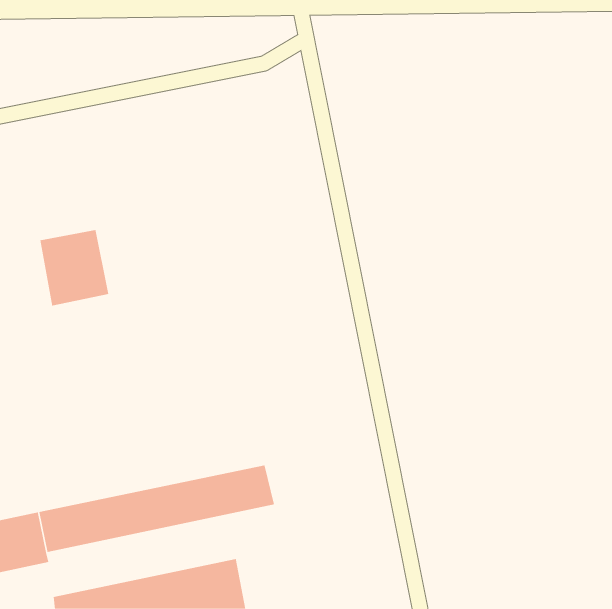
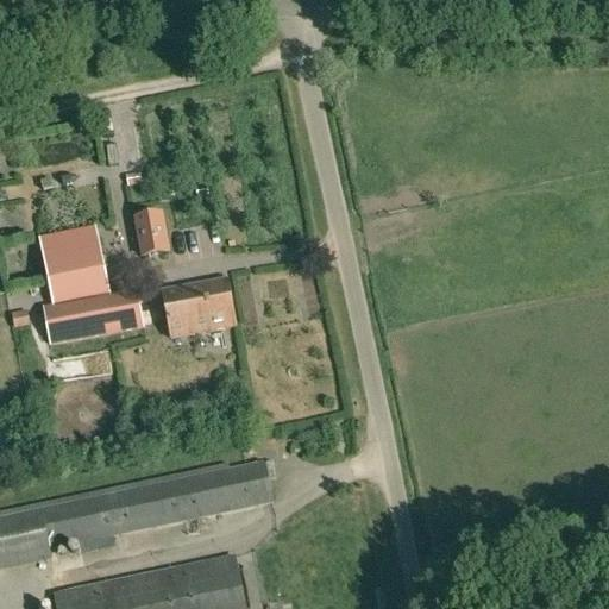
building: none -> [136,213,167,259]
building: none -> [161,277,233,335]
building: none -> [42,285,143,344]

